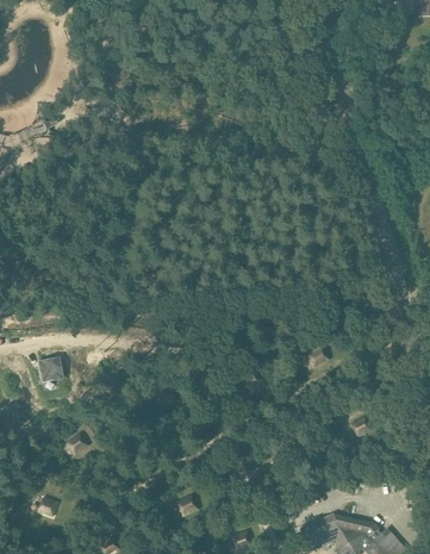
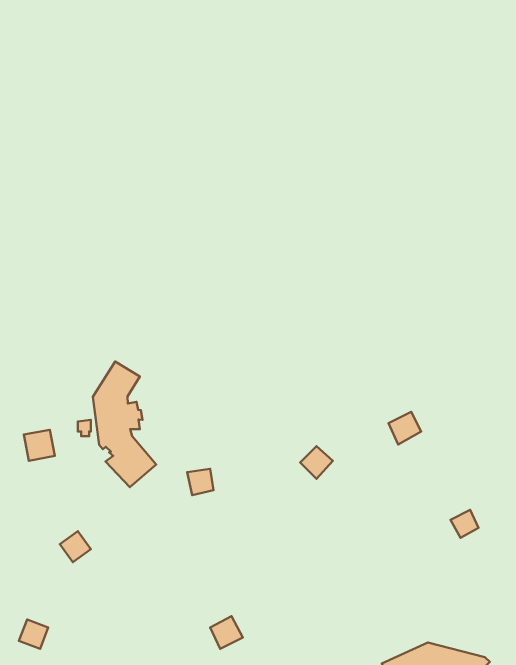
building: none -> [93,362,156,487]

